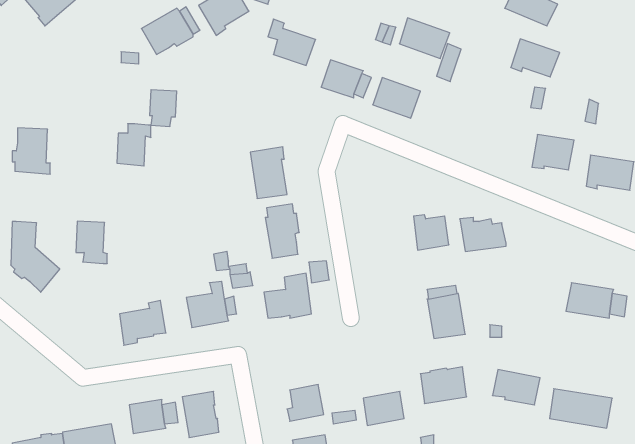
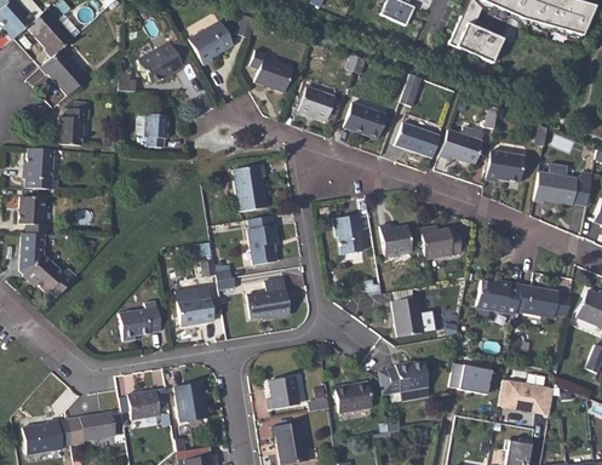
building: none -> [40,47,87,96]
building: [399,18,450,59] -> [394,122,438,159]
building: [511,39,560,77] -> [438,132,482,166]
building: [117,124,151,166] -> [57,108,87,145]
building: none -> [332,214,362,254]
building: [76,221,107,263] -> [19,195,47,232]
building: none -> [476,281,520,315]

